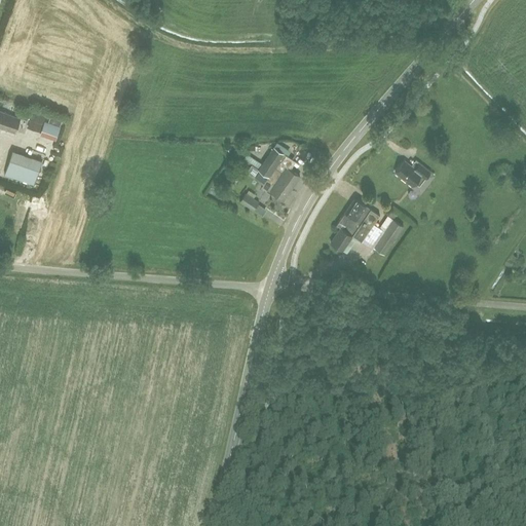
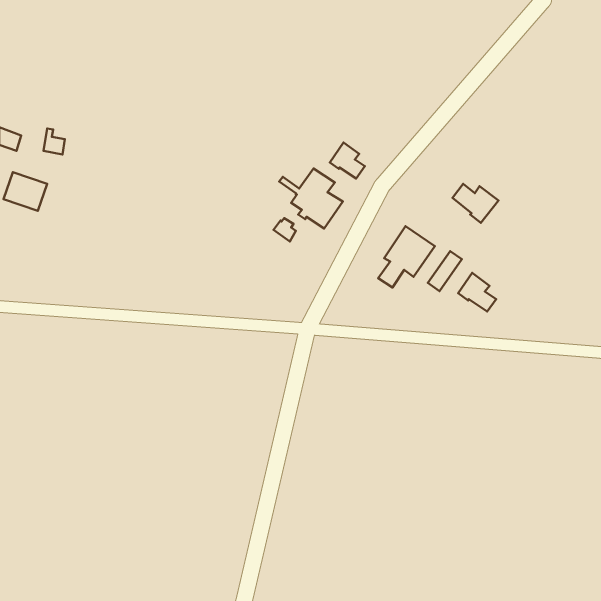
building: none -> [330,142,365,179]
building: none -> [458,273,496,312]

